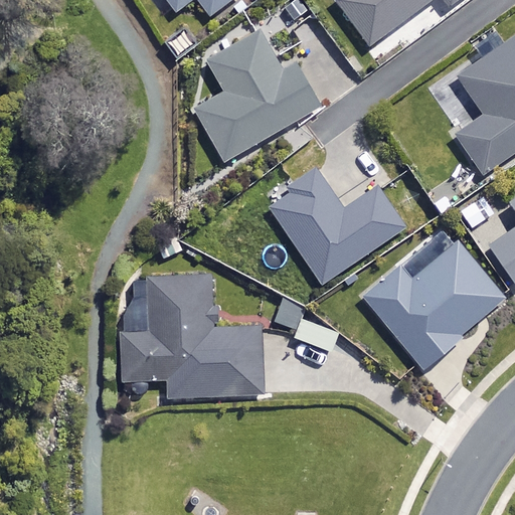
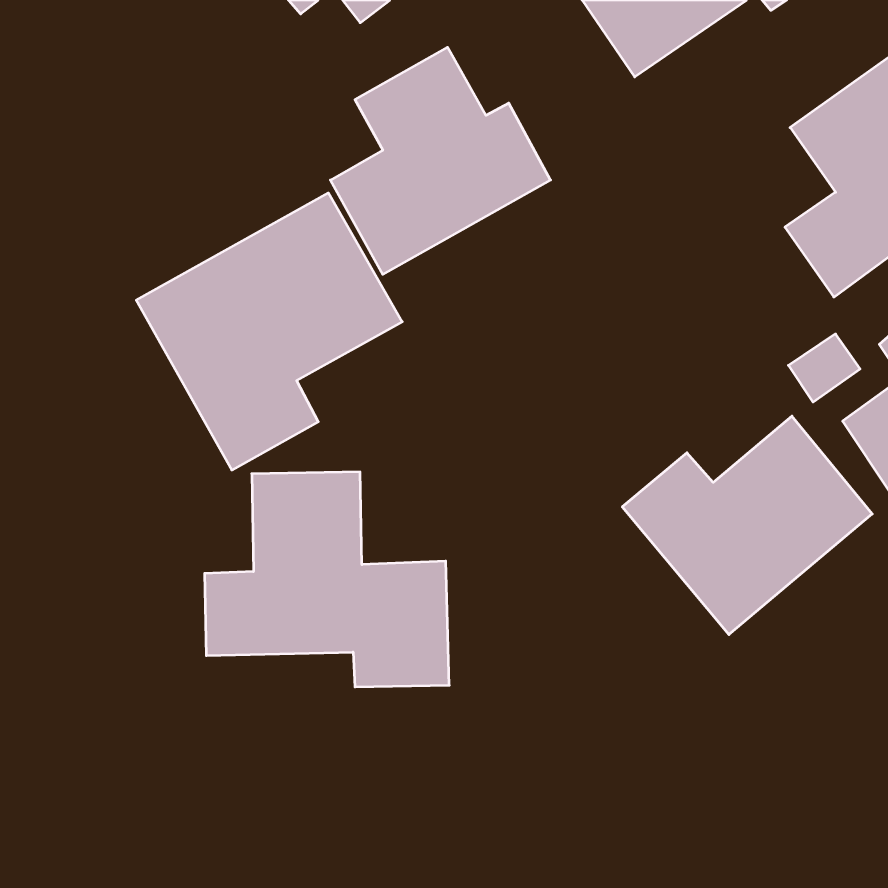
building: none -> [136,193,402,470]
building: [269,168,407,284] -> none

